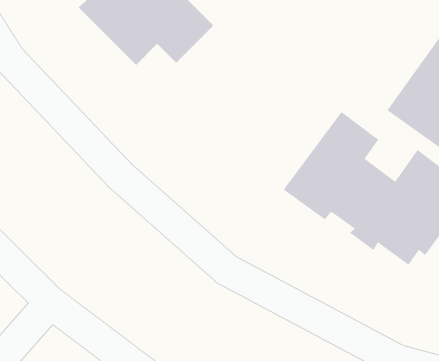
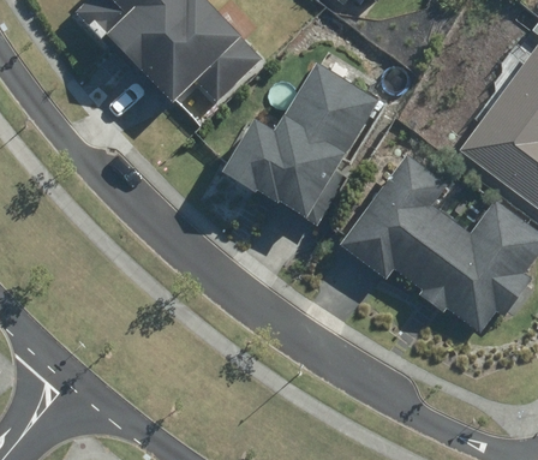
building: none -> [226,64,377,227]

